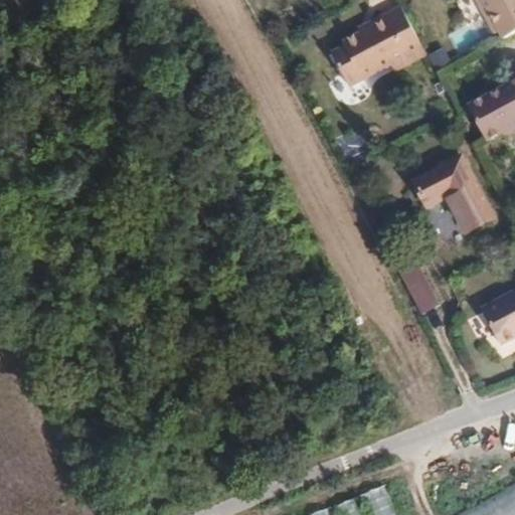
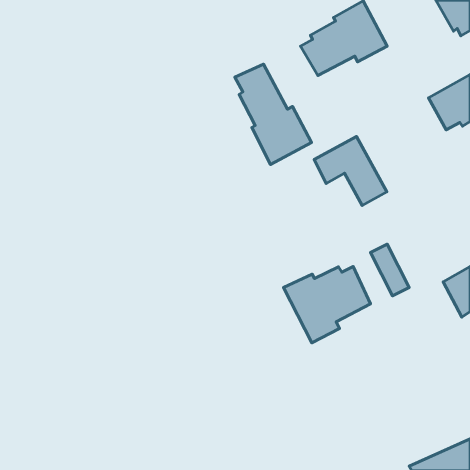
building: none -> [235,64,312,164]
building: [421,164,501,239] -> [314,136,387,206]
building: none -> [284,266,371,343]

